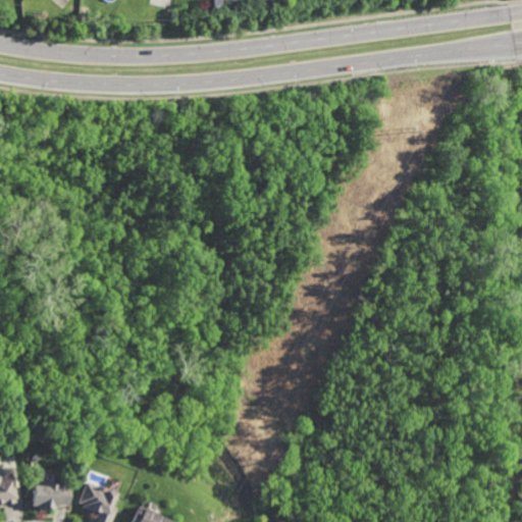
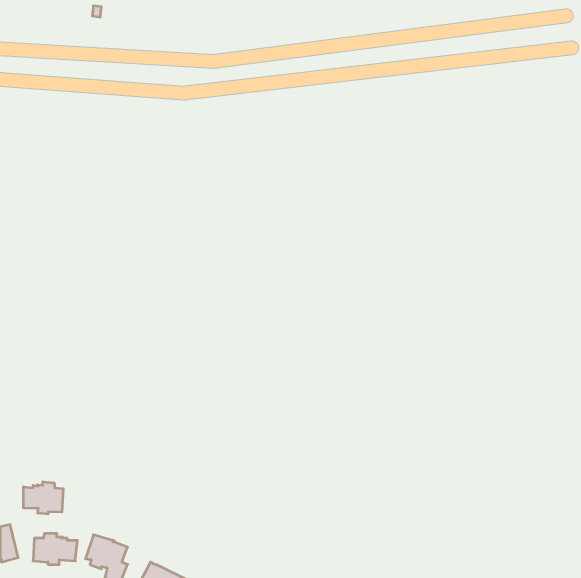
building: none -> [24,482,63,514]

